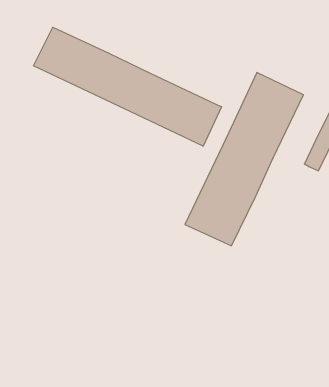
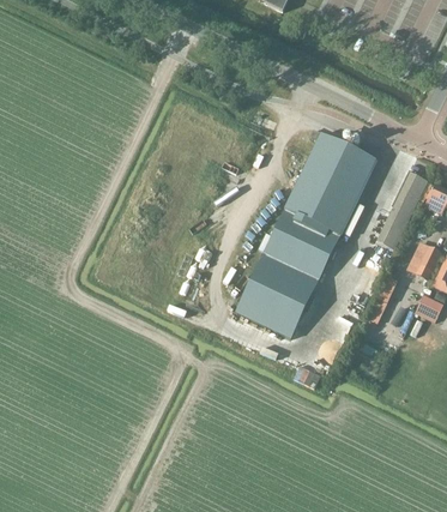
building: [34,27,222,146] -> none

